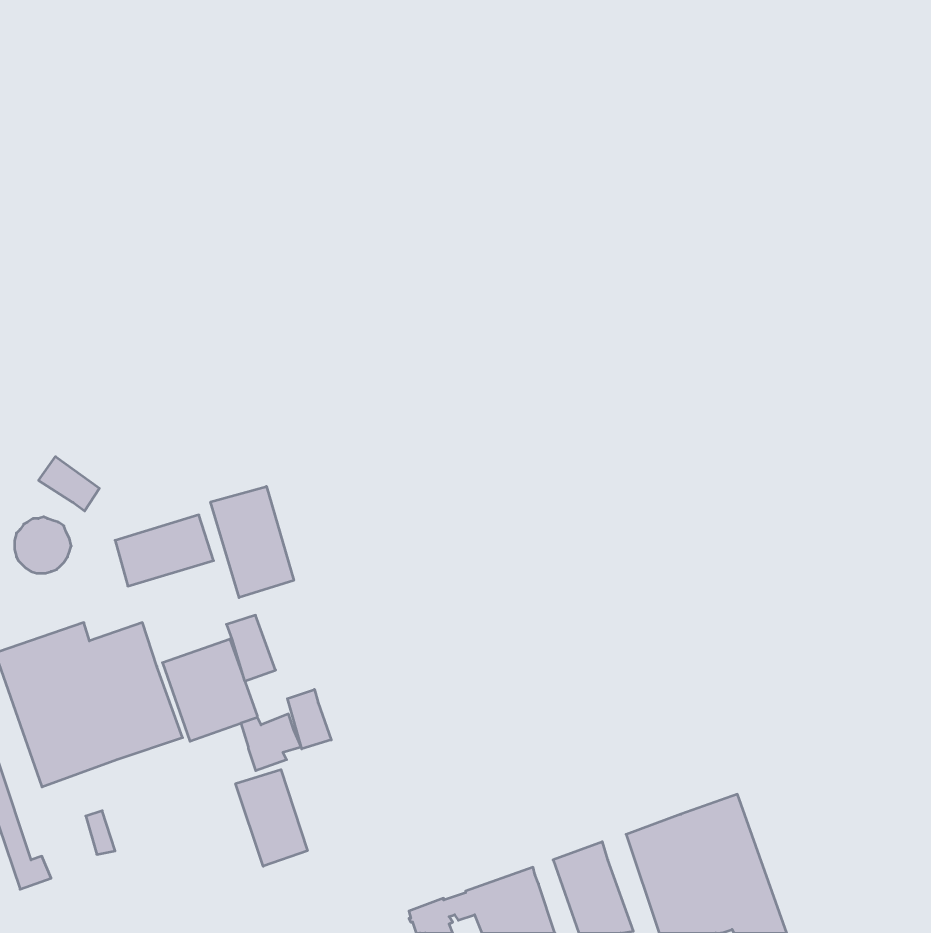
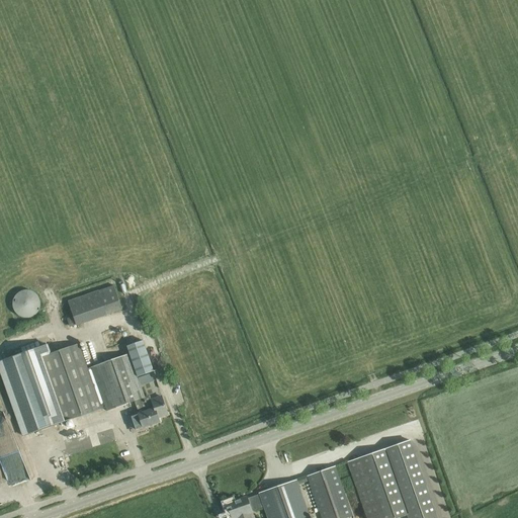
building: [39,457,99,511] -> none
building: [211,486,294,598] -> none
building: [287,689,331,749] -> none
building: [236,770,307,866] -> none

